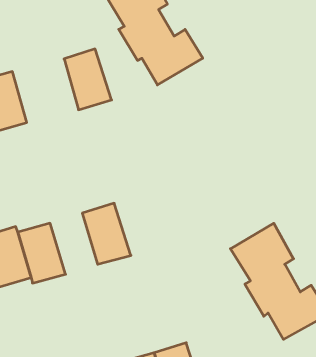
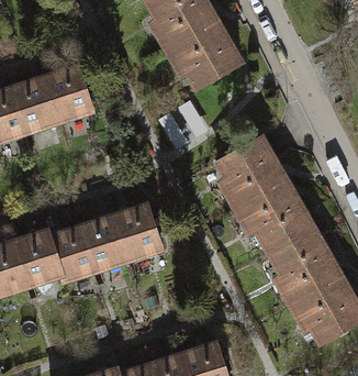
building: [64,49,112,110] -> [49,64,97,124]
building: none -> [213,133,309,250]
building: none -> [87,214,134,275]

